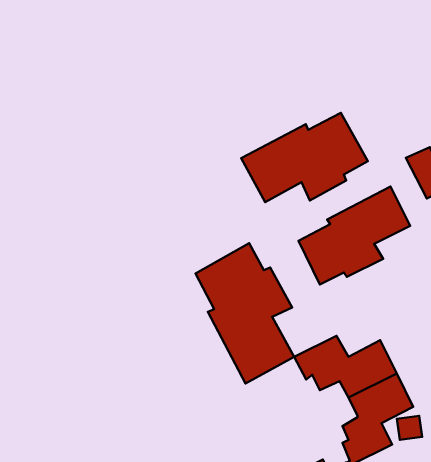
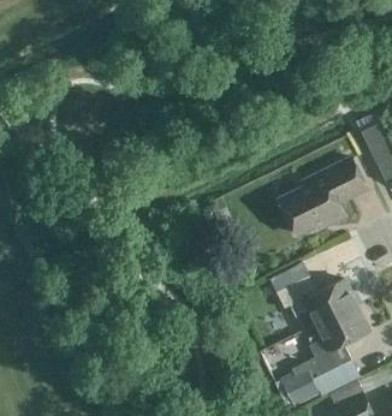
building: [241,113,368,202] -> none
building: [195,243,294,384] -> none

